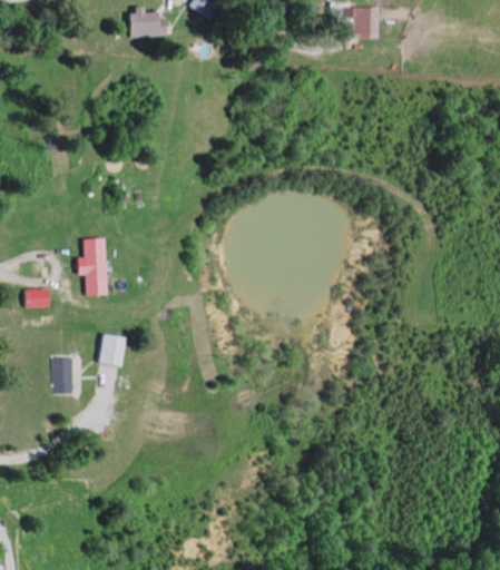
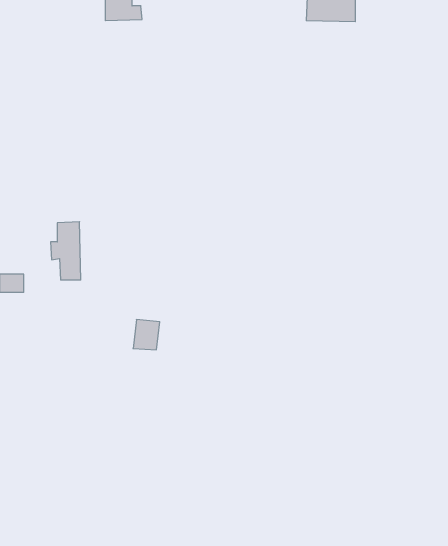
building: [98,335,125,365] -> [133,320,160,350]
building: [55,357,75,394] -> none

